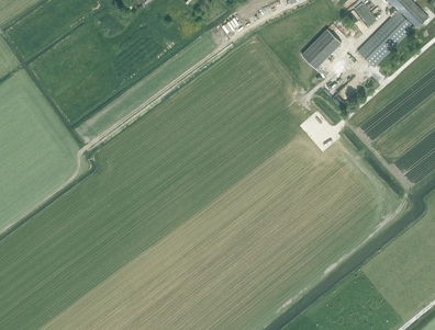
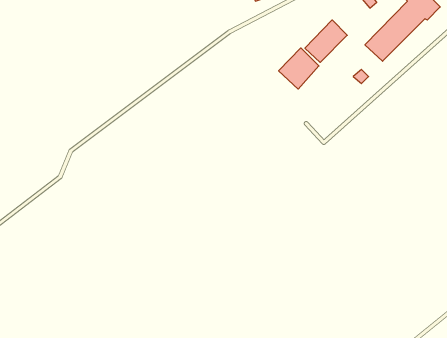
building: none -> [279,48,319,89]

